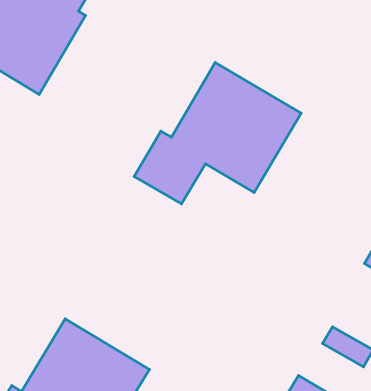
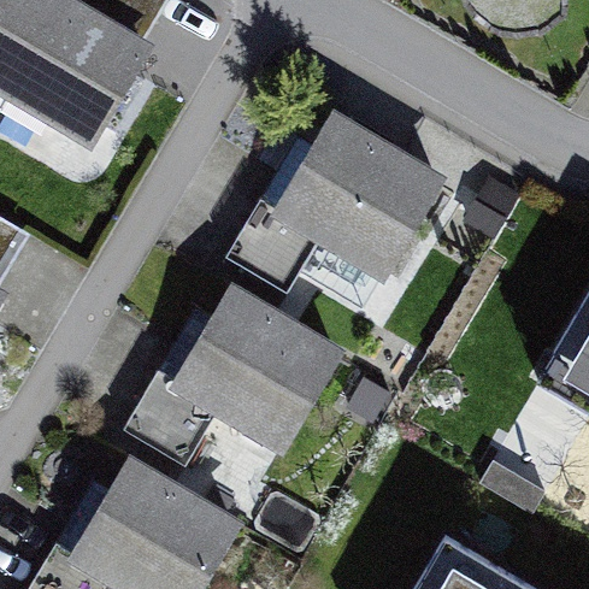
building: none -> [120,283,346,471]

